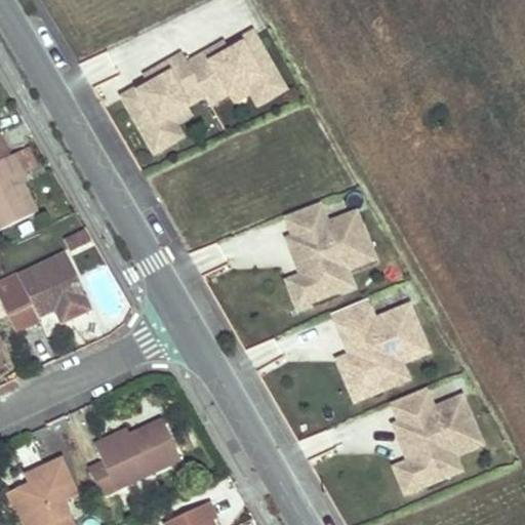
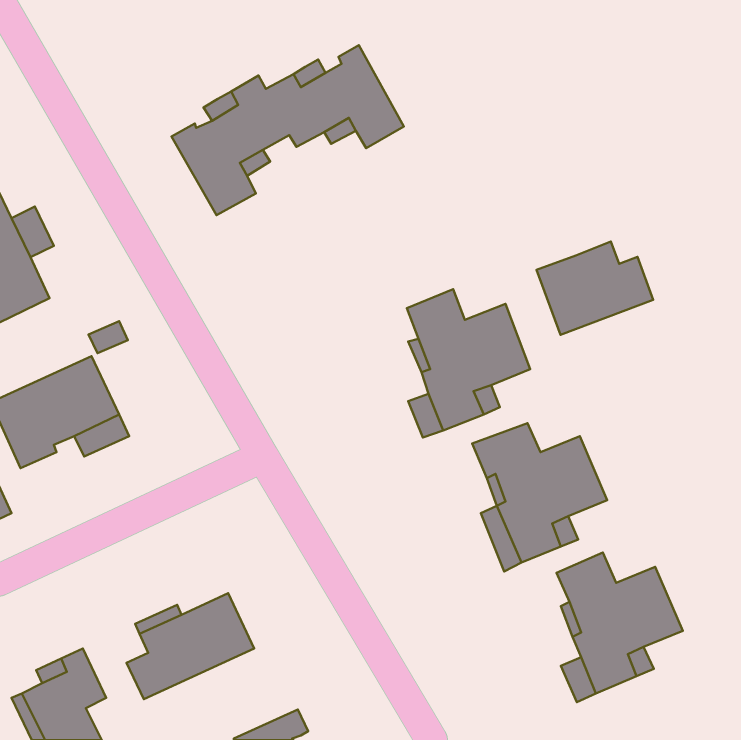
building: none -> [536,242,653,335]

